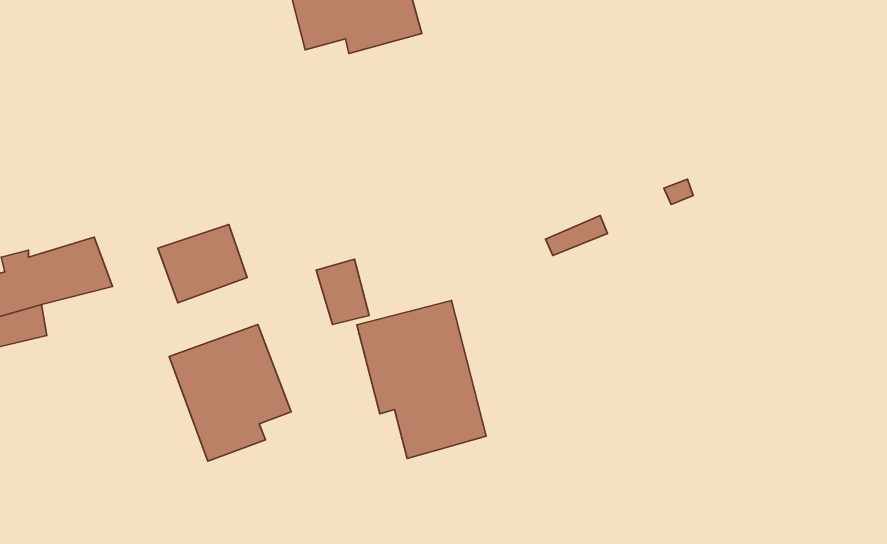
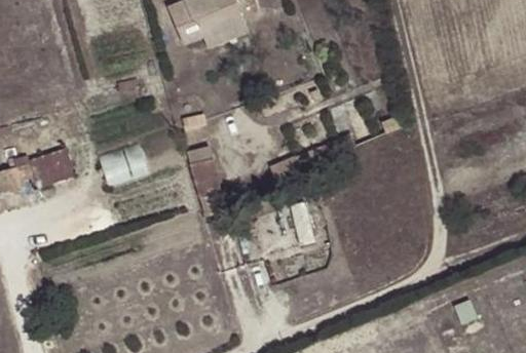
building: [357,300,486,458] -> none
building: [169,325,291,461] -> none

